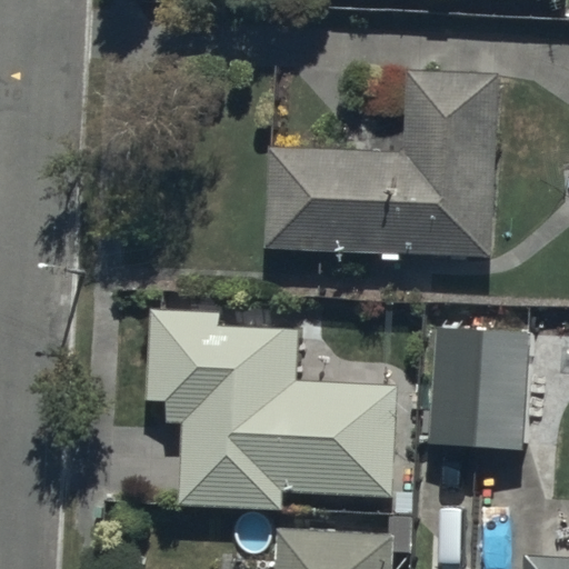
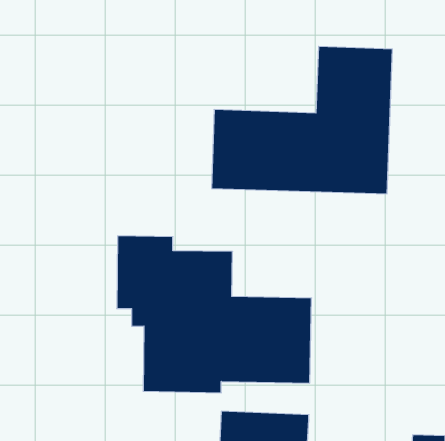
building: [429,327,531,448] -> none

